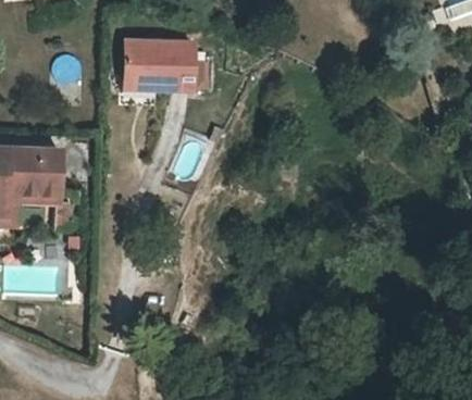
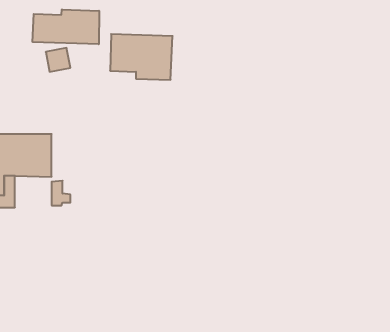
building: none -> [33,9,99,44]

